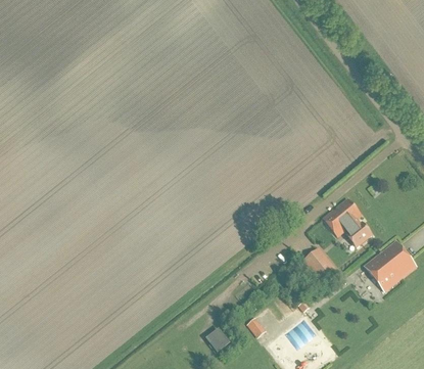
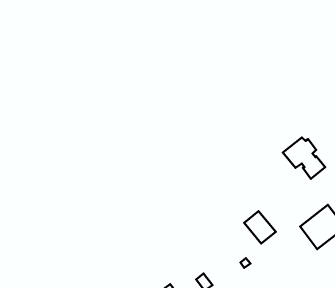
building: [324,199,372,246] -> [283,137,325,179]

